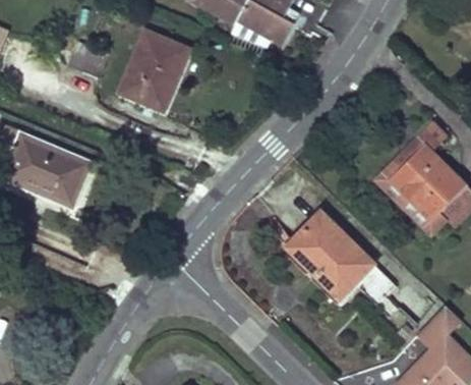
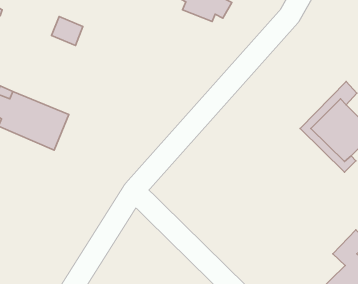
building: [119,31,188,109] -> none
building: [290,212,396,304] -> none

